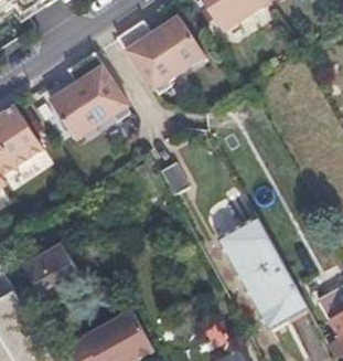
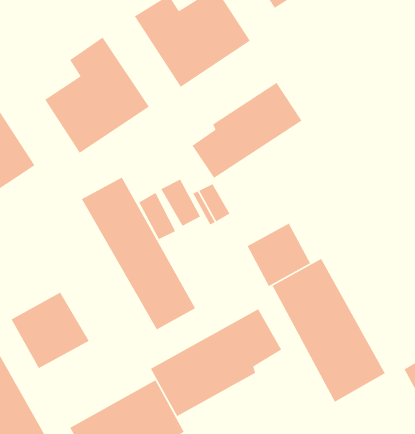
building: none -> [192,82,303,179]
building: none -> [81,177,196,331]
building: none -> [150,308,282,417]

